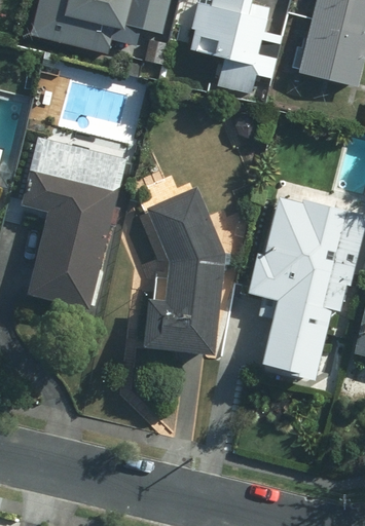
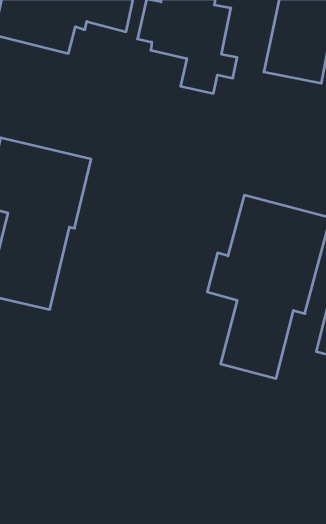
building: [142,186,224,353] -> none

